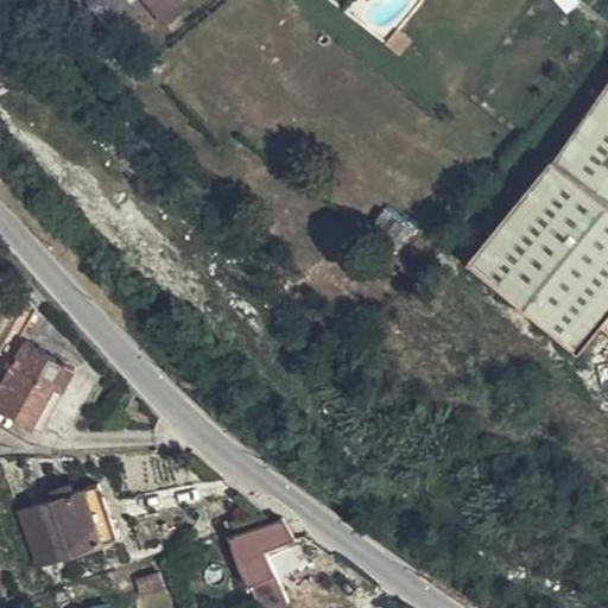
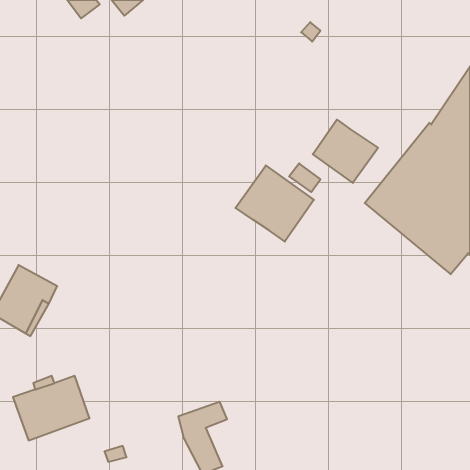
building: none -> [313,120,378,183]
building: none -> [235,165,314,242]

